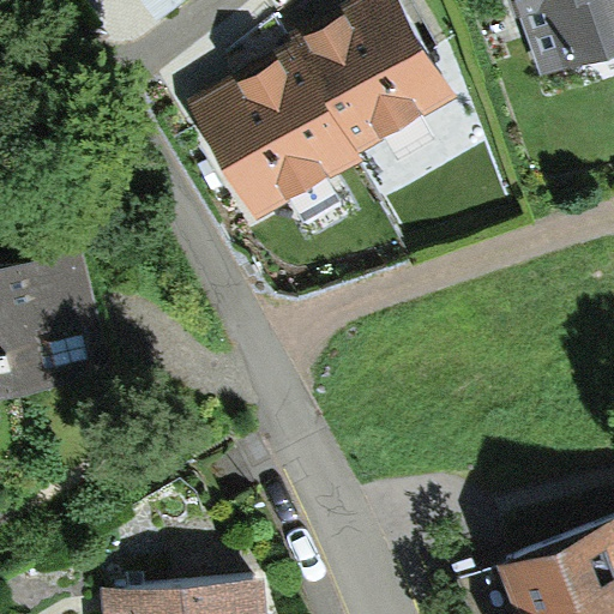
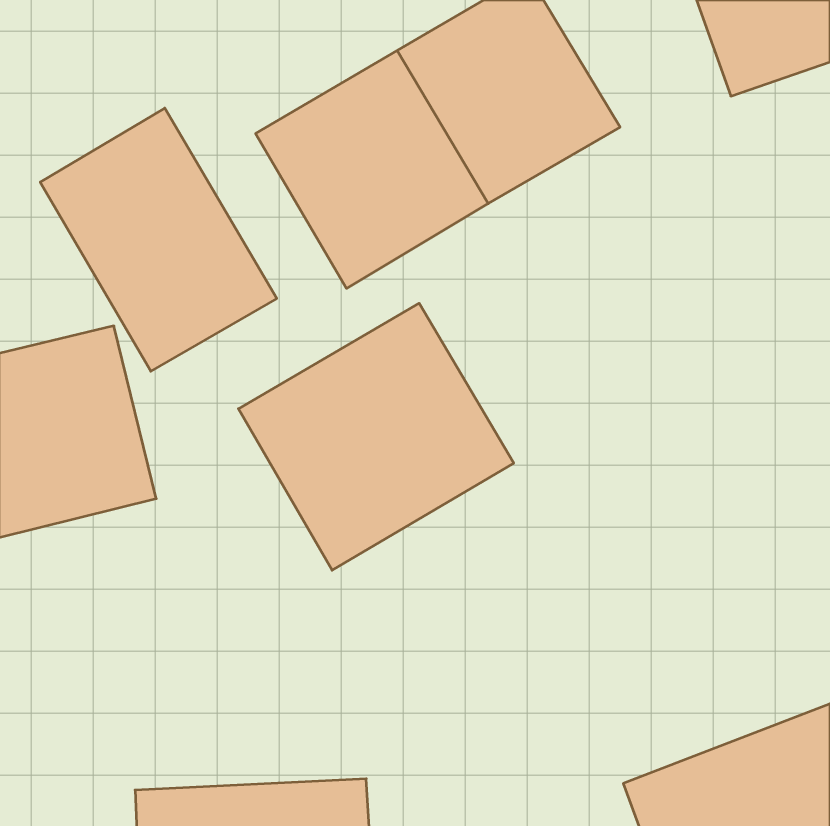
building: none -> [40,108,277,371]
building: none -> [238,303,514,570]

